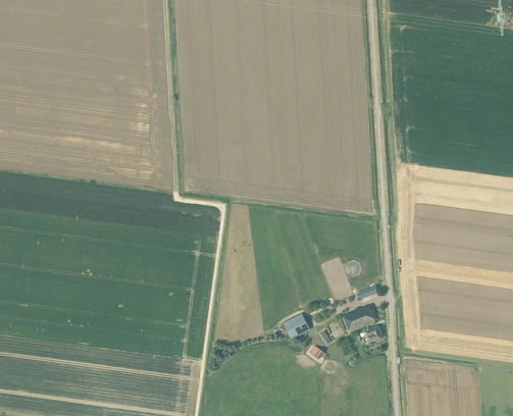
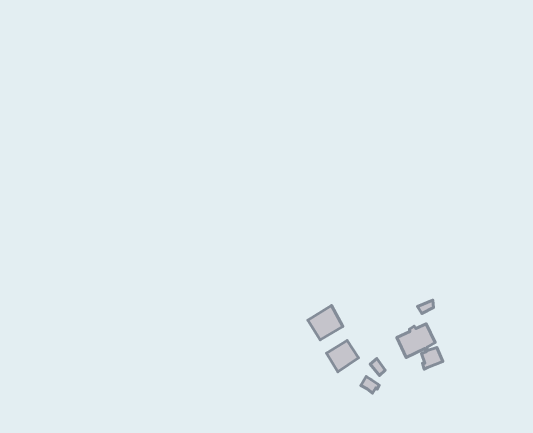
building: none -> [308,306,343,340]

